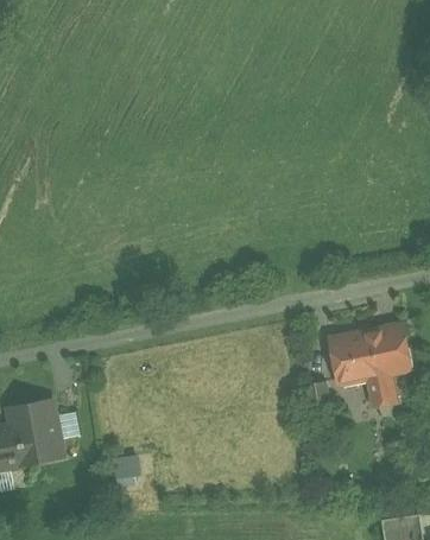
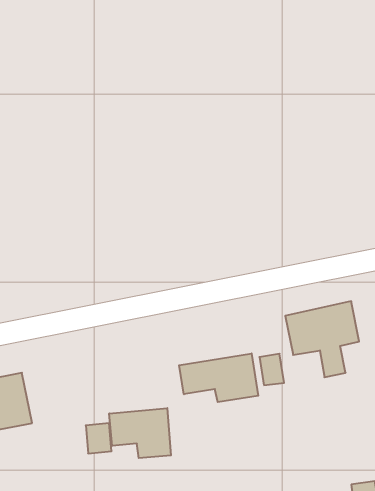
building: none -> [179,353,258,402]
building: none -> [109,408,171,458]

